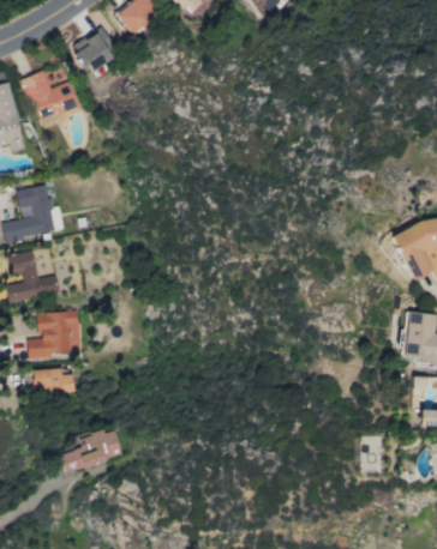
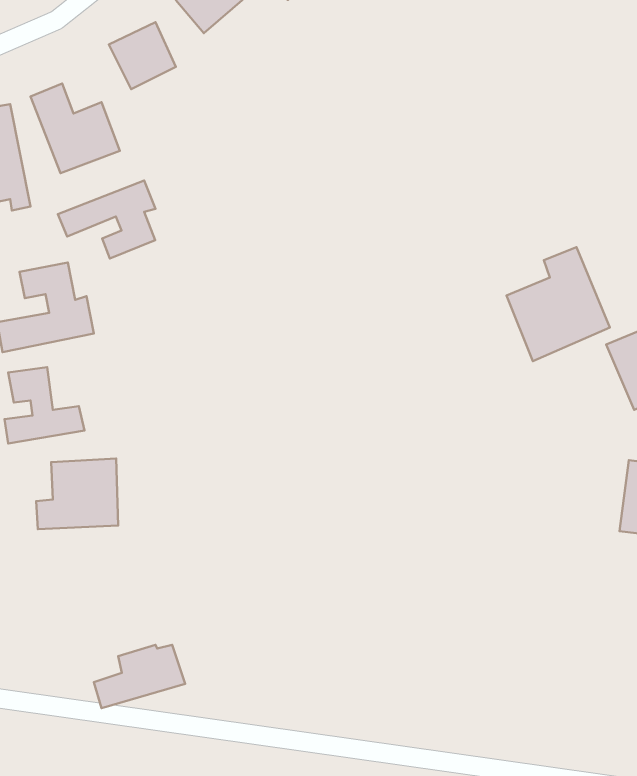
building: none -> [58,180,155,258]
building: none -> [506,247,610,361]
building: [32,368,73,394] -> none

